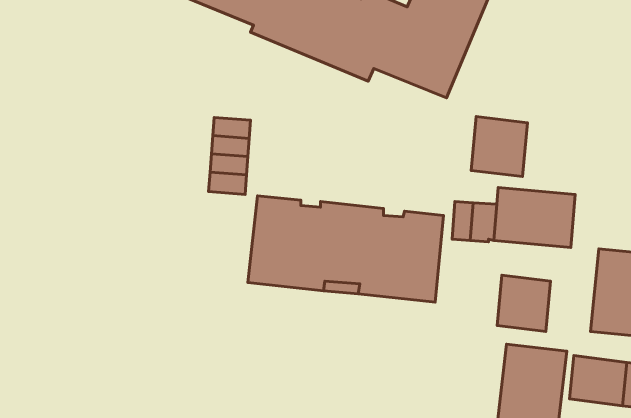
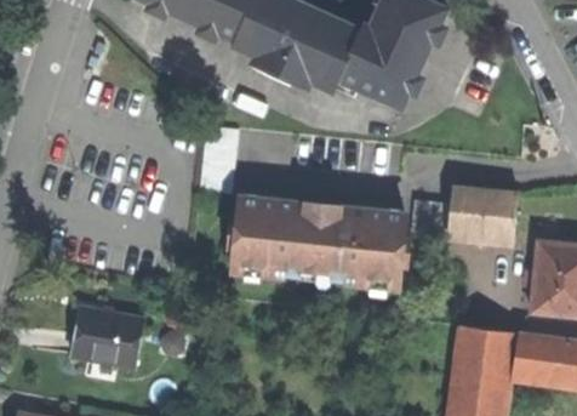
building: [471,116,527,177] -> none
building: [497,275,550,331] -> none
building: none -> [69,310,142,372]

